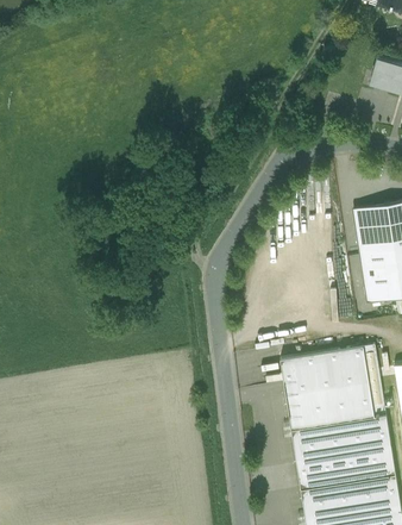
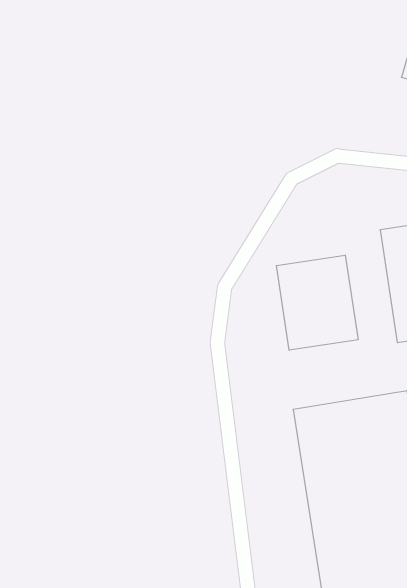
building: none -> [276,255,358,350]

